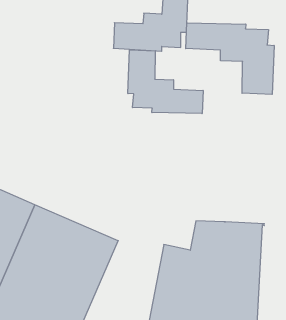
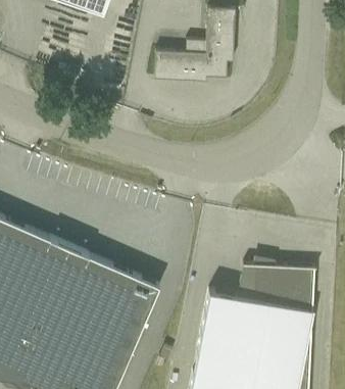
building: [186,23,274,94] -> none
building: [128,50,203,114] -> none

